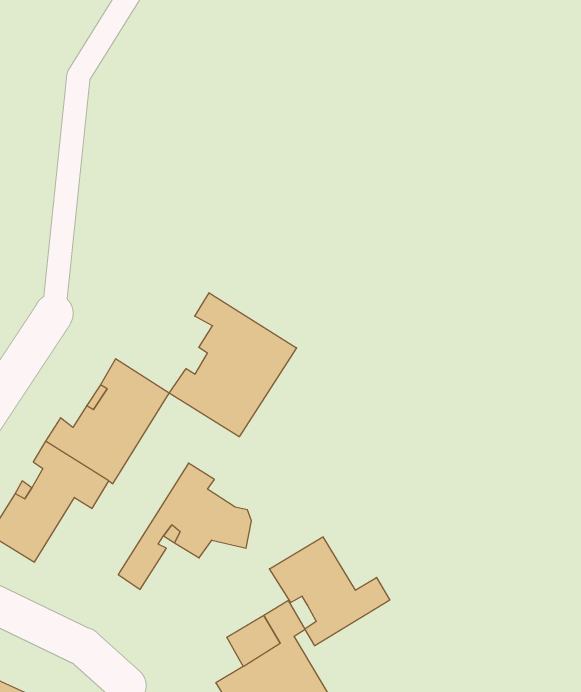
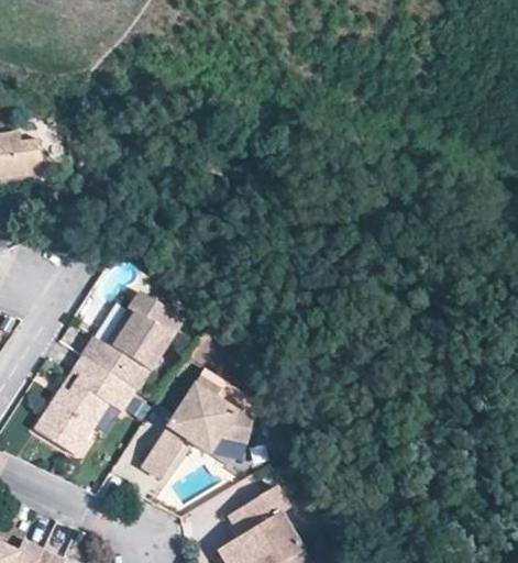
building: [169,293,297,437] -> none
building: [269,537,390,646] -> none

